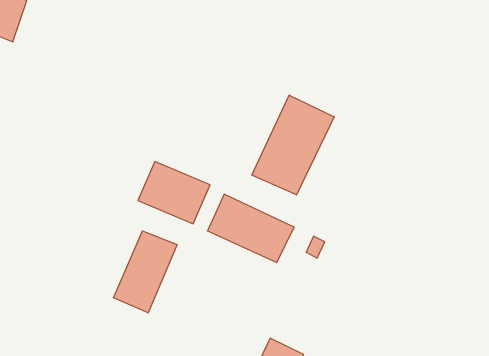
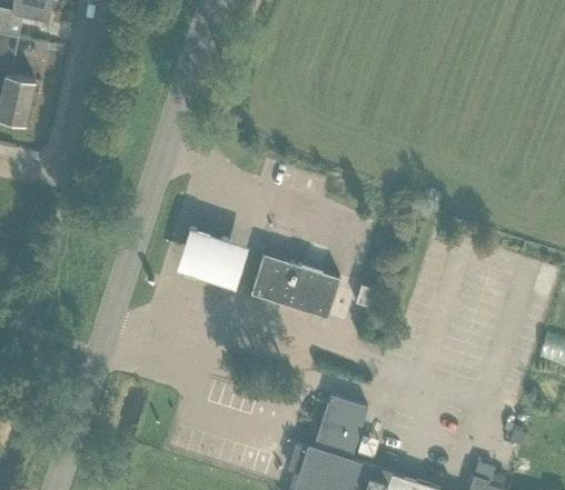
building: [252,95,334,195] -> none
building: [114,231,177,313] -> none

